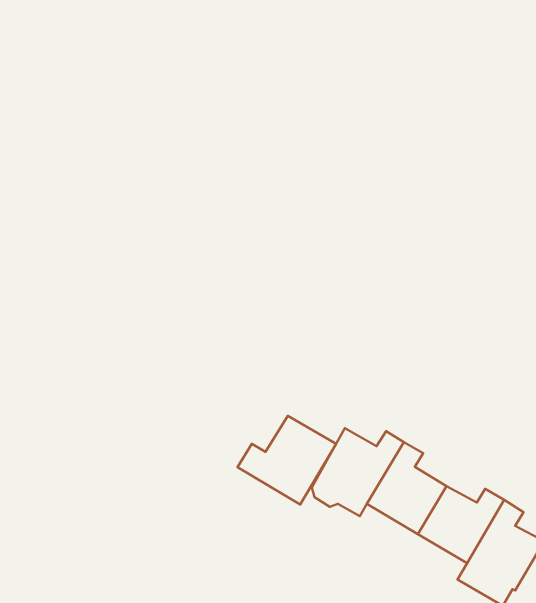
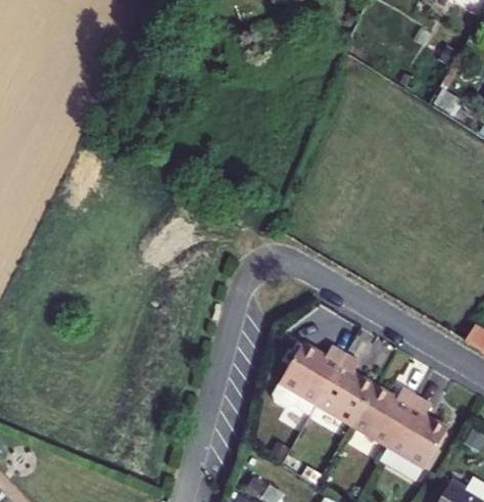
building: [238,416,336,504] -> none

